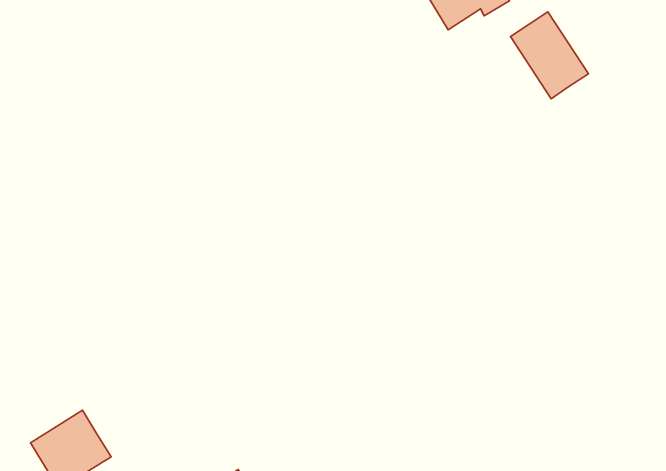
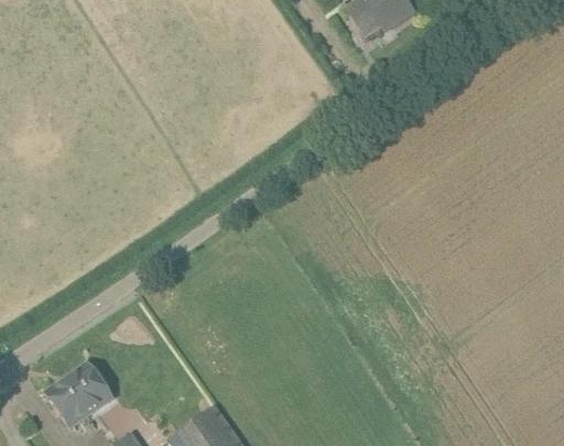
building: [510,12,588,99] -> none

